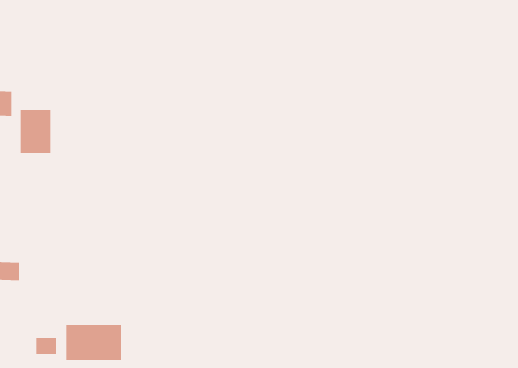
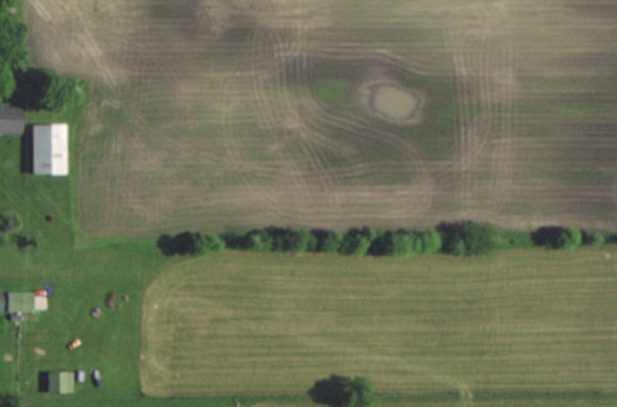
building: [65,324,122,361] -> none

